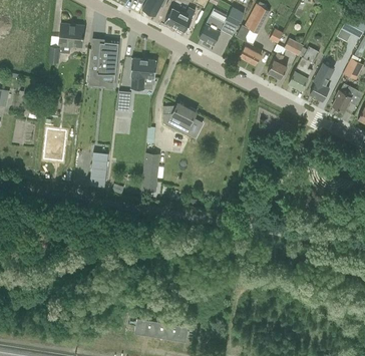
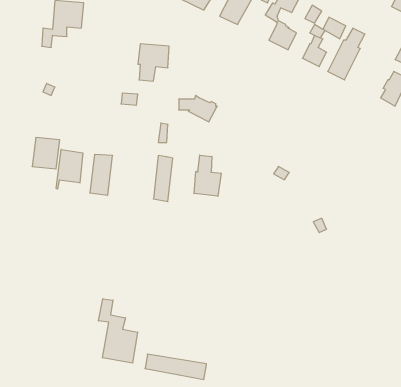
building: [86,45,118,88] -> none
building: [310,65,333,101] -> none
building: none -> [56,149,83,189]
building: none -> [194,155,221,196]
building: none -> [99,299,138,363]

